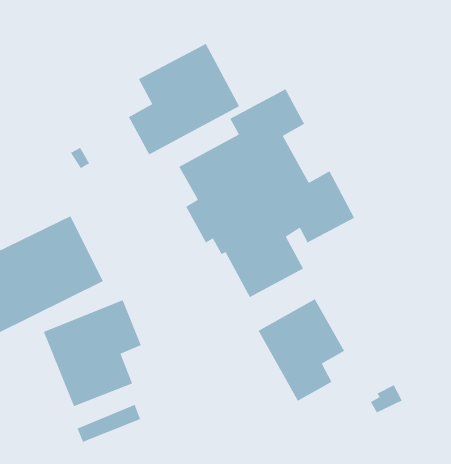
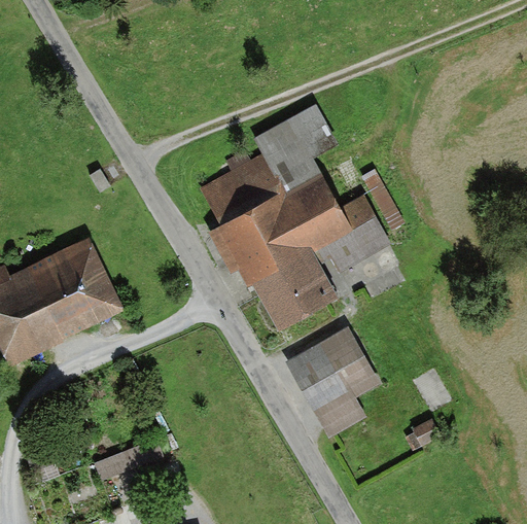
building: [128,43,240,155] -> none
building: [43,299,142,407] -> none

